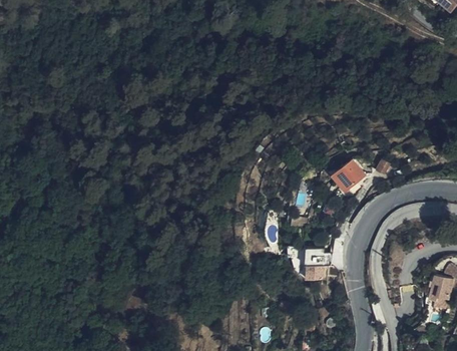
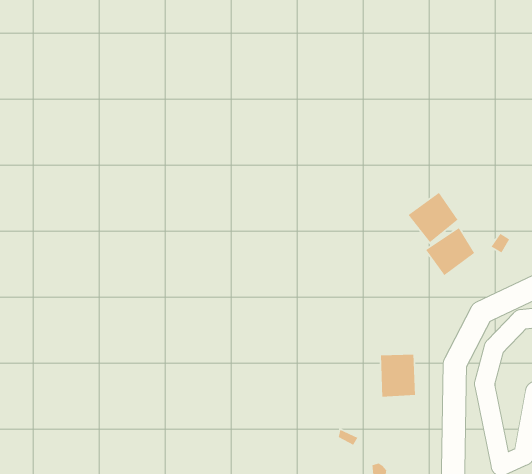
building: none -> [407,192,459,243]

